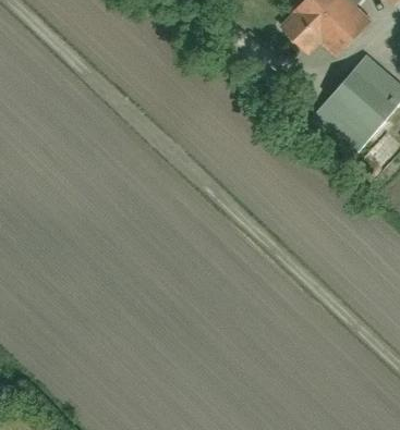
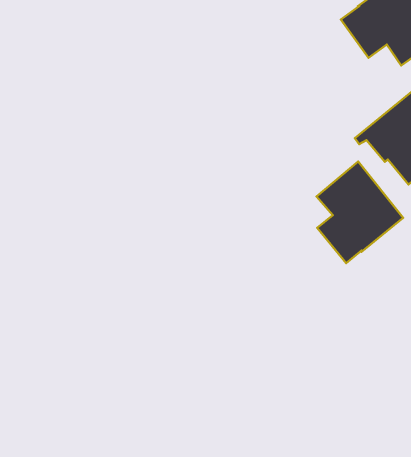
building: none -> [316,161,403,263]

